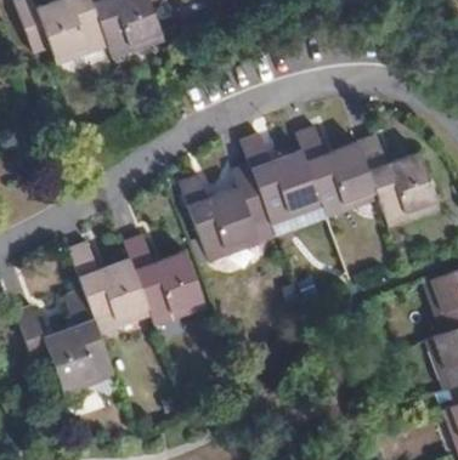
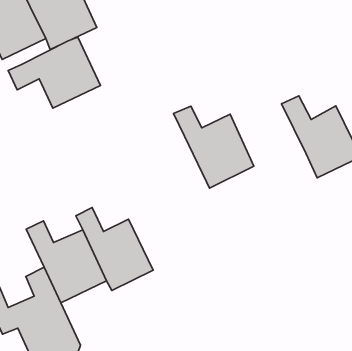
building: none -> [8,37,100,108]
building: [296,126,379,217] -> none
building: [181,167,270,261] -> none

